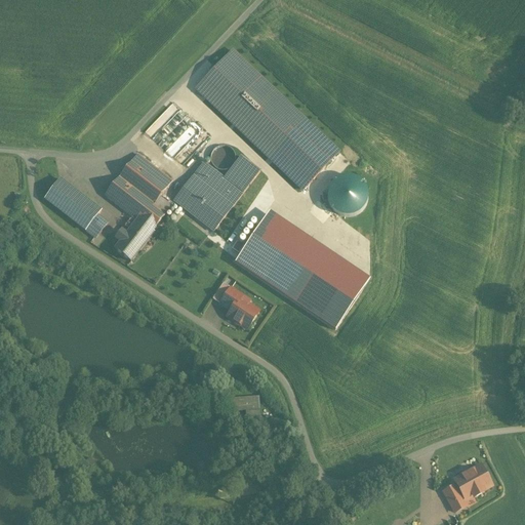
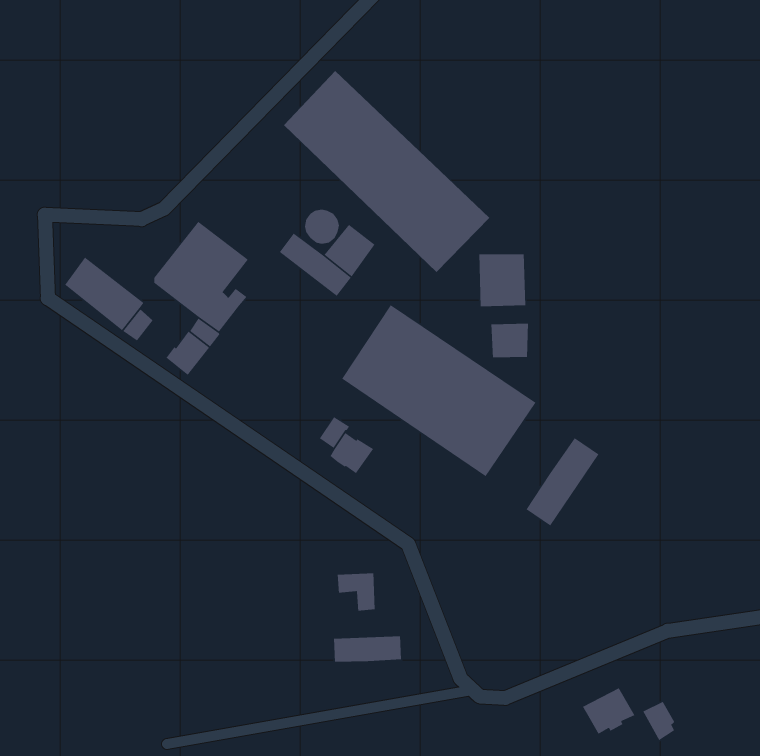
building: [172,173,232,229] -> none
building: none -> [491,323,529,358]
building: none -> [525,437,600,526]
building: none -> [333,635,402,663]
building: [453,463,490,496] -> [582,687,635,735]

